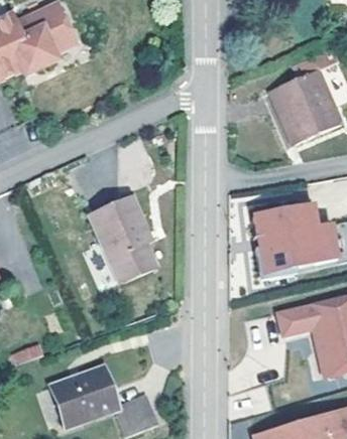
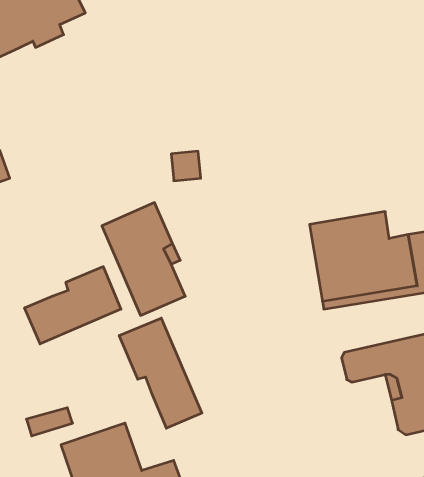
building: [260,56,330,150] -> none
building: none -> [25,267,121,344]
building: none -> [119,318,202,428]

